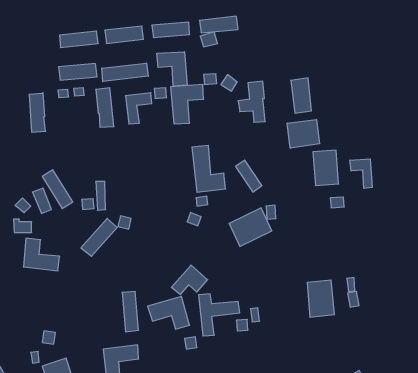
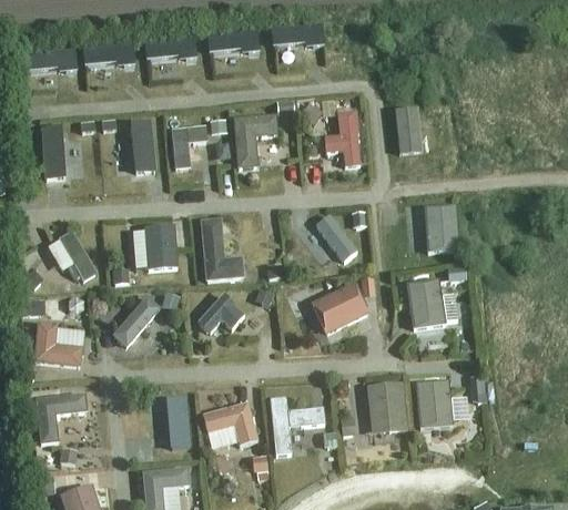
building: [157,52,187,86] -> none
building: [102,63,148,82] -> none
building: [58,64,97,80] -> [23,48,75,70]
building: [287,119,319,148] -> none
building: [192,145,226,192] -> [199,218,244,282]
building: [350,159,372,188] -> none
building: none -> [144,225,176,268]
building: none -> [407,277,445,327]
building: [171,265,208,295] -> [196,293,245,333]
building: none -> [366,381,406,434]
building: none -> [34,394,87,443]

